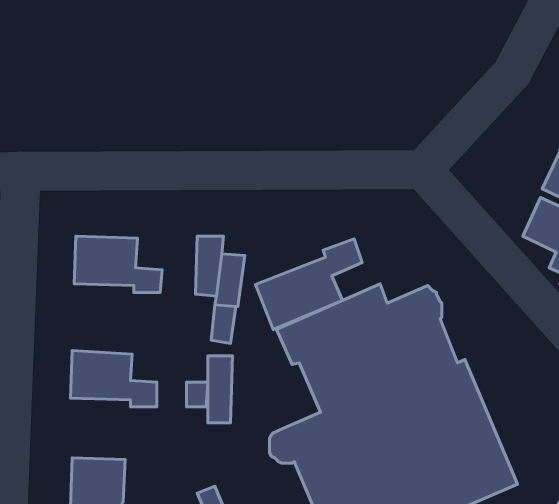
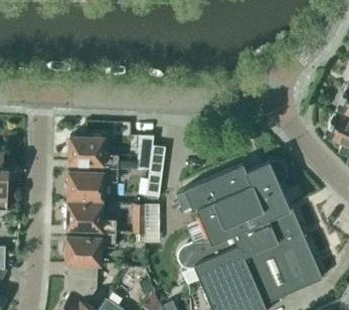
building: [256,239,362,330] -> none
building: none -> [67,169,118,199]
building: none -> [65,235,126,265]

